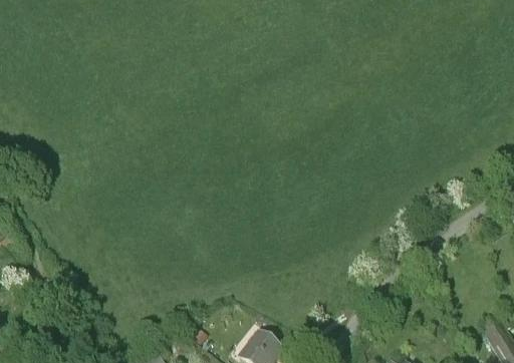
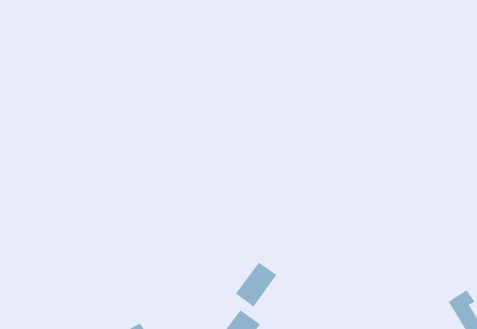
building: none -> [235,262,277,308]

